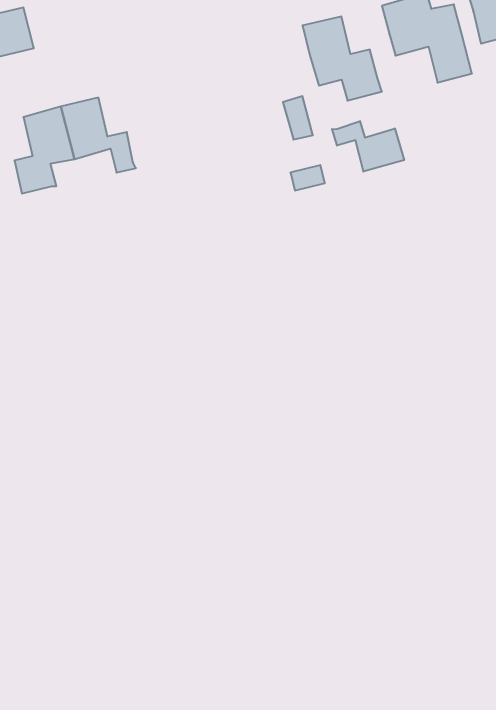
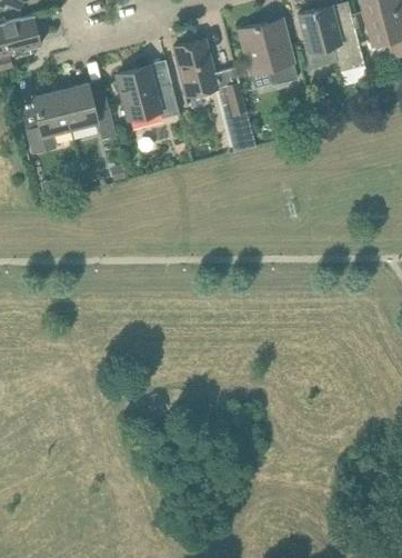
building: none -> [172,39,218,97]
building: none -> [115,67,179,119]
building: [332,121,404,172] -> none

